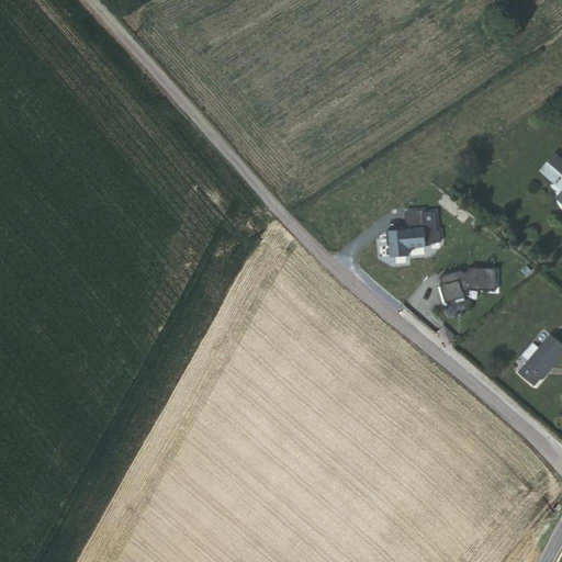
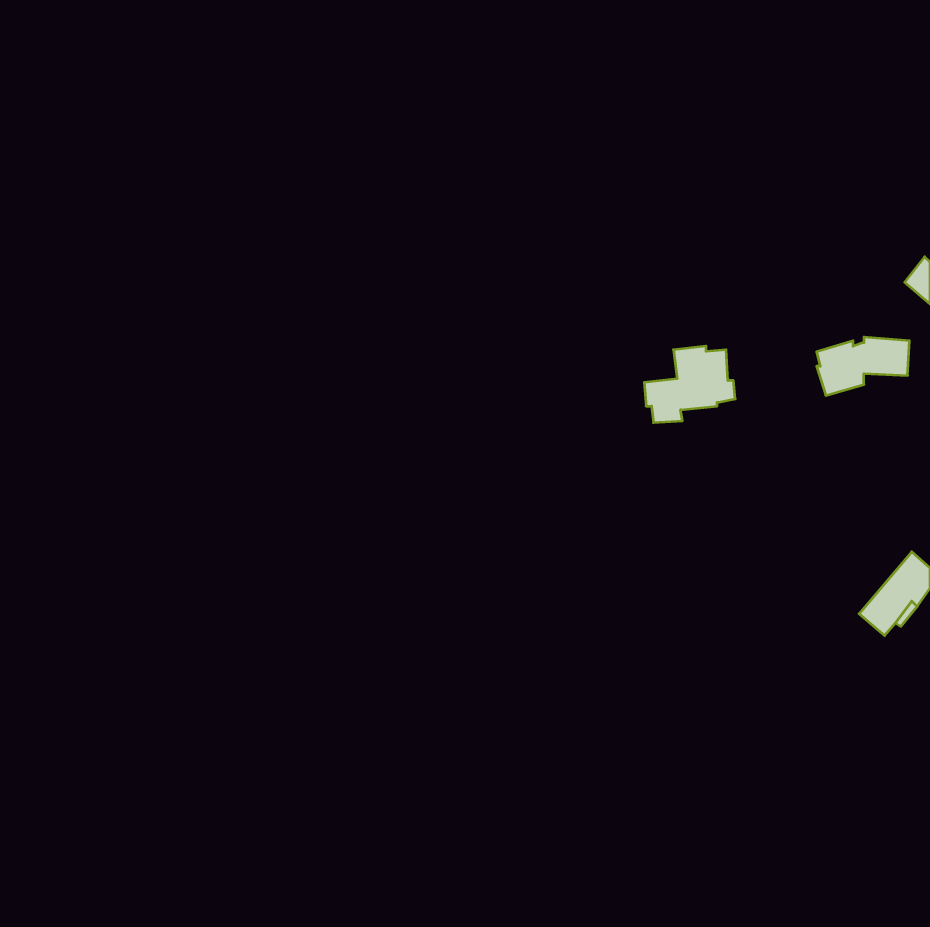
building: [438,267,494,302] -> [817,337,909,395]

